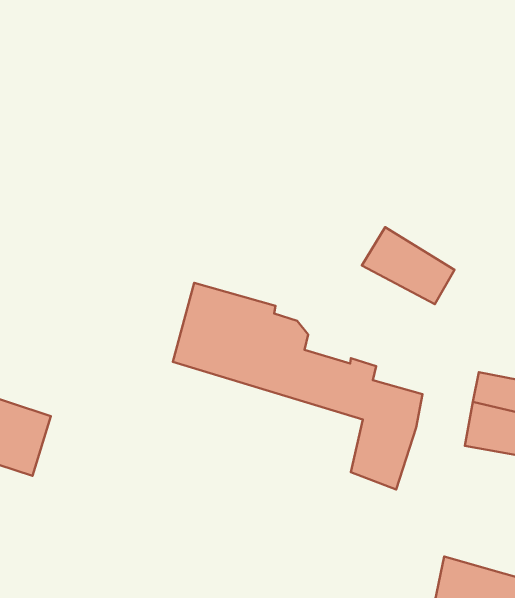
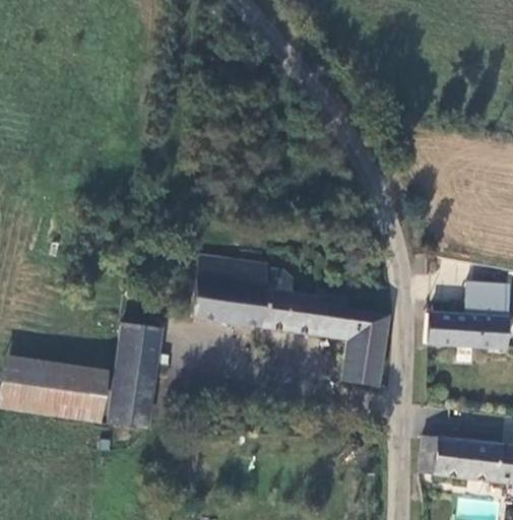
building: [362,227,454,304] -> none
building: none -> [109,323,170,427]

